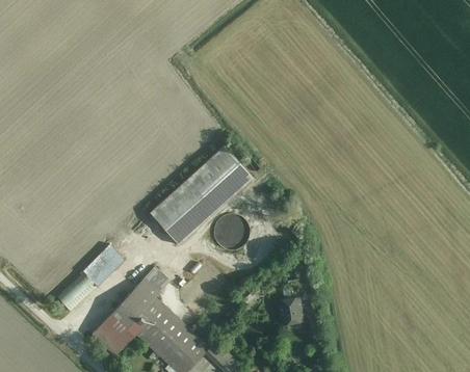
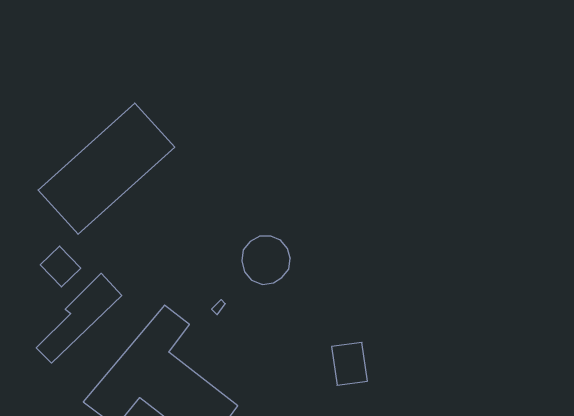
building: [150,147,253,245] -> [38,103,175,234]
building: none -> [40,246,81,287]

